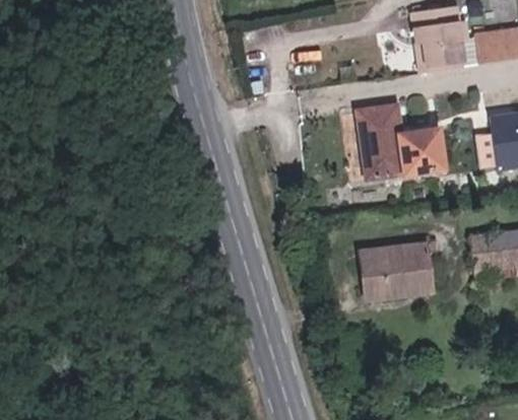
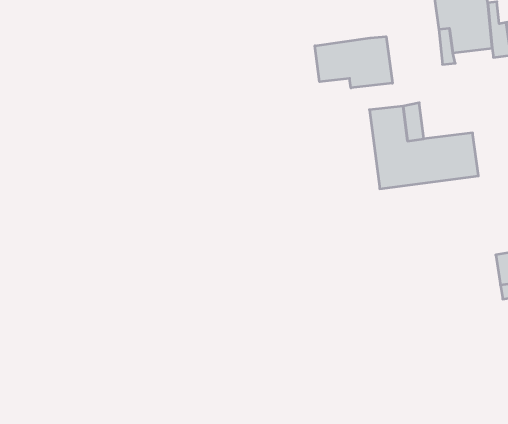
building: none -> [315,37,392,88]
building: [354,241,430,295] -> none

